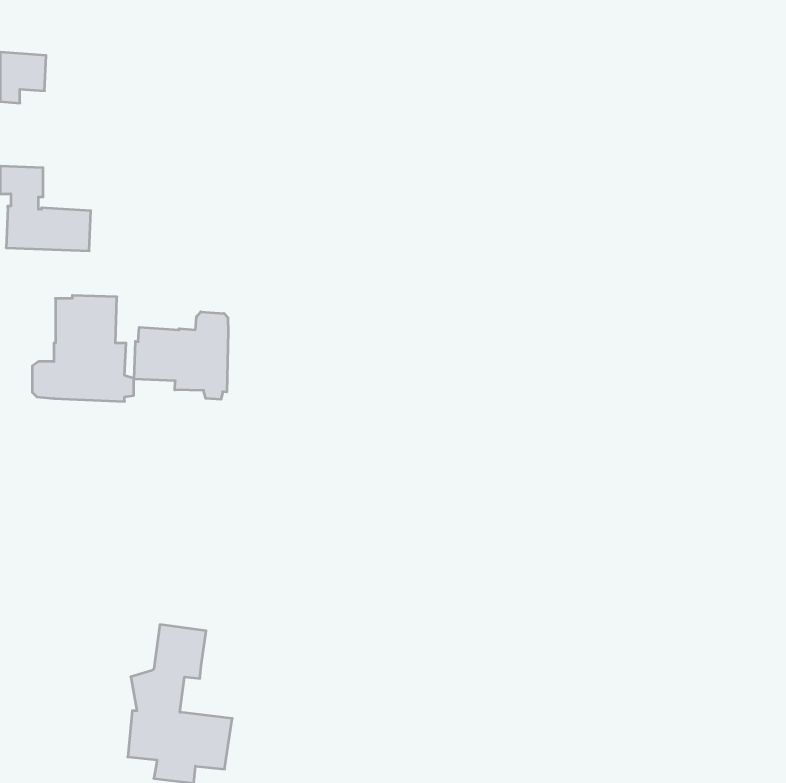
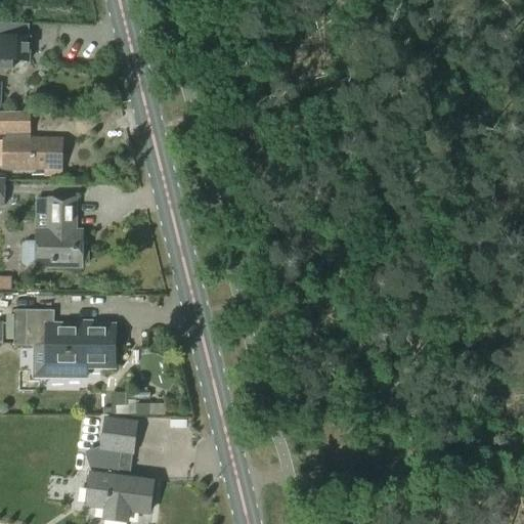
building: [134,312,228,399] -> none
building: none -> [13,309,115,380]

